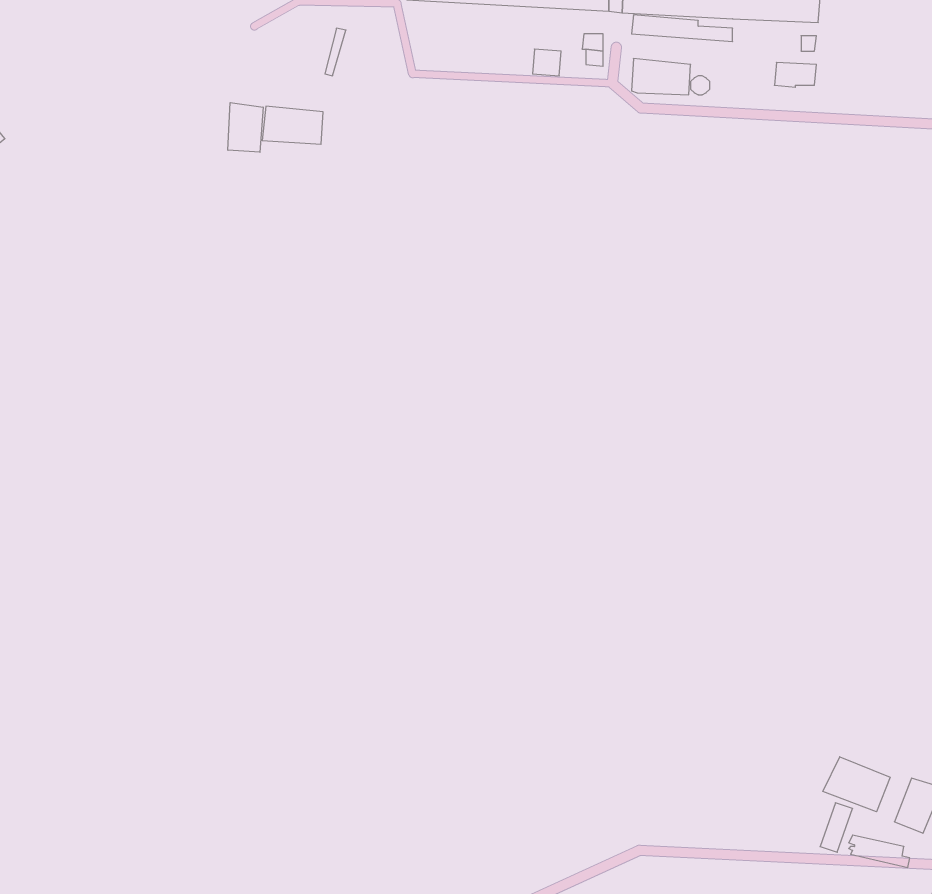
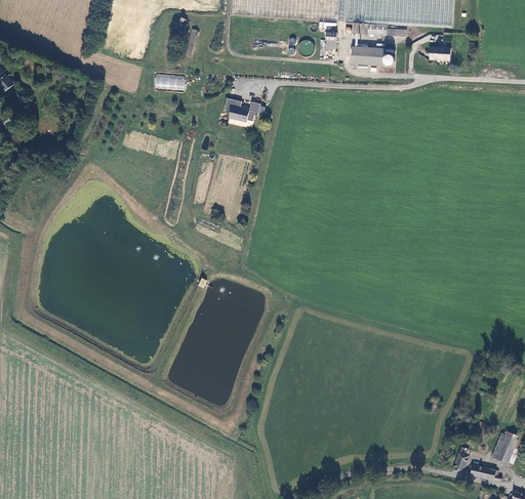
building: [228,103,263,152] -> none
building: none -> [225,97,259,120]
building: [823,757,890,812] -> none

